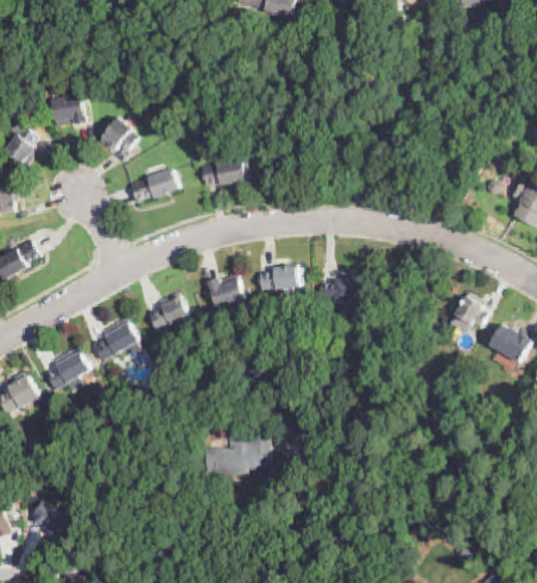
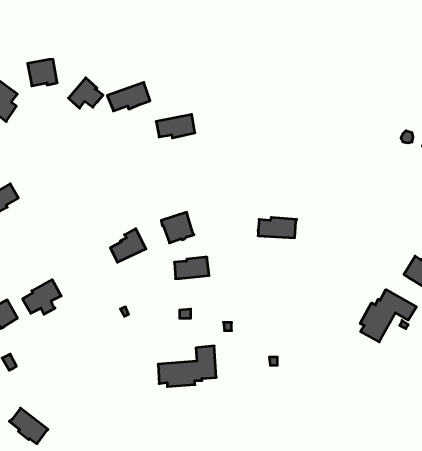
building: [129,167,179,201] -> [107,82,150,111]
building: [259,265,299,290] -> [174,257,209,279]
building: [455,291,488,327] -> none
building: [93,321,141,361] -> none
building: none -> [360,290,416,342]

